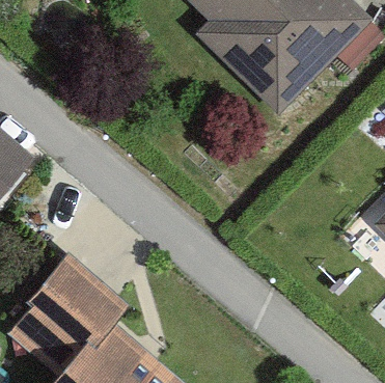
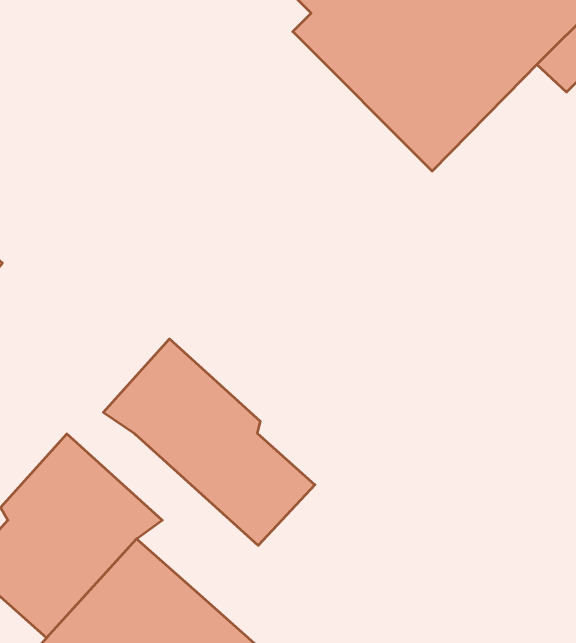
building: none -> [103,339,315,545]

